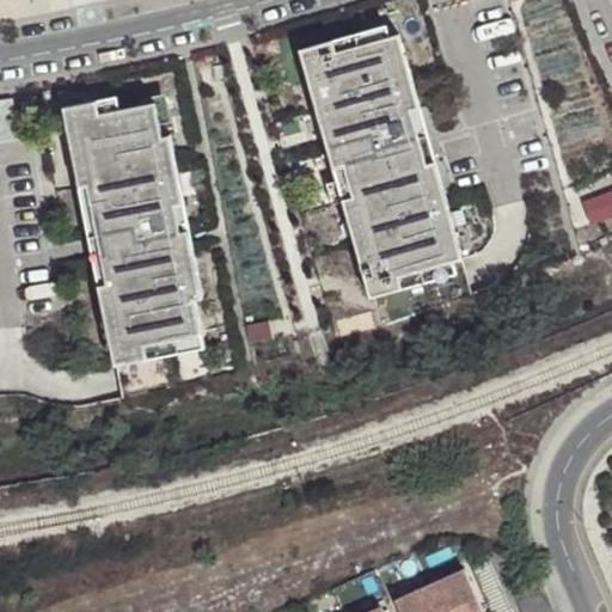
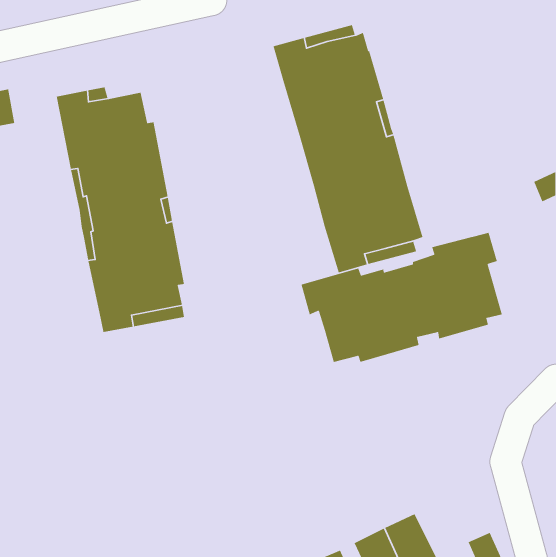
building: none -> [301,232,503,363]

